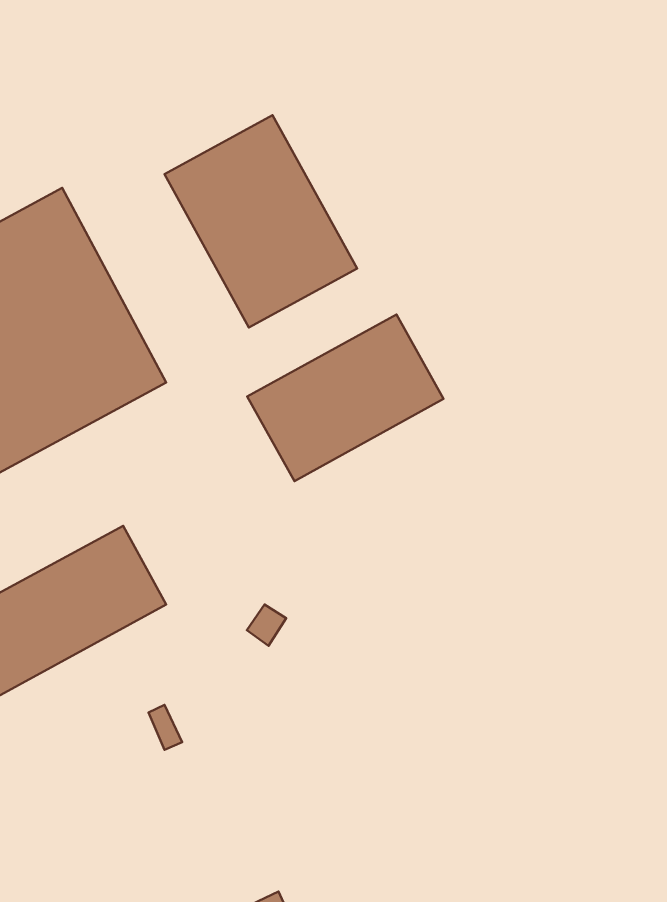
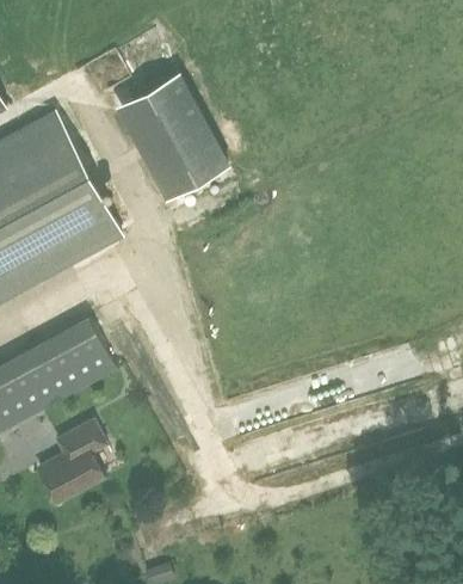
building: [247,314,444,481] -> none
building: none -> [38,419,106,502]

